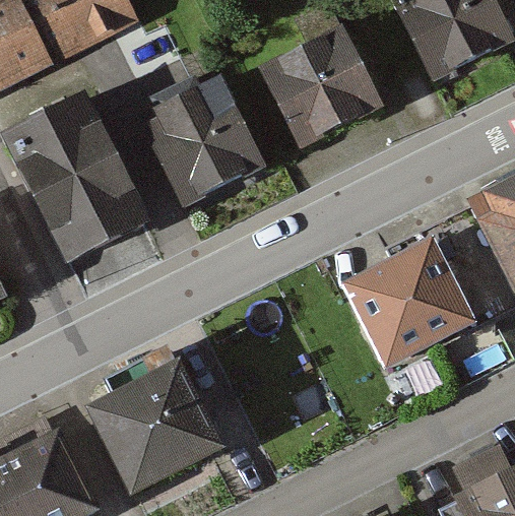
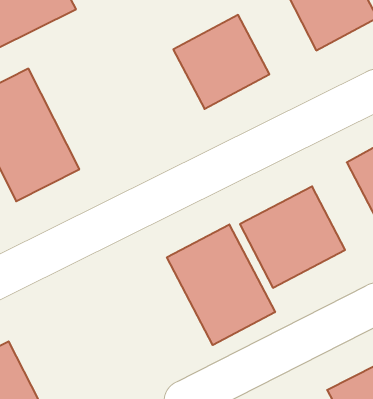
building: [139,76,265,205] -> none
building: none -> [167,224,275,345]
building: [94,362,221,487] -> none

